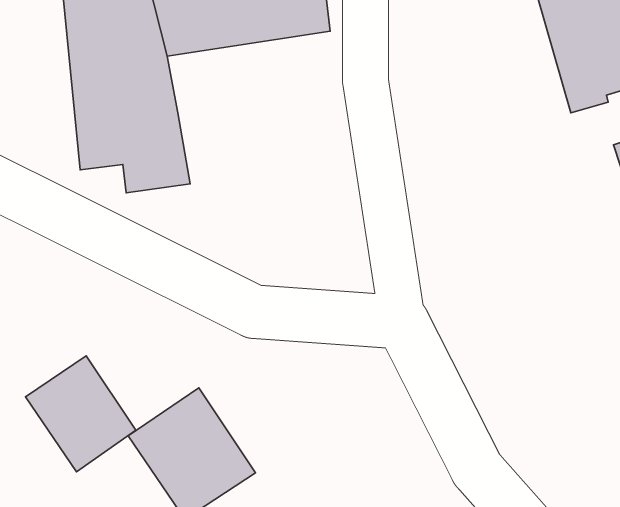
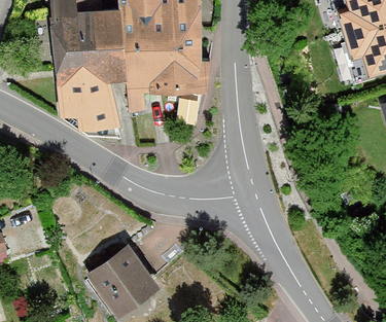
building: none -> [110,38,208,98]
building: [25,356,136,472] -> none

